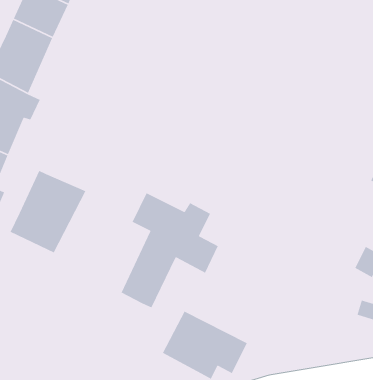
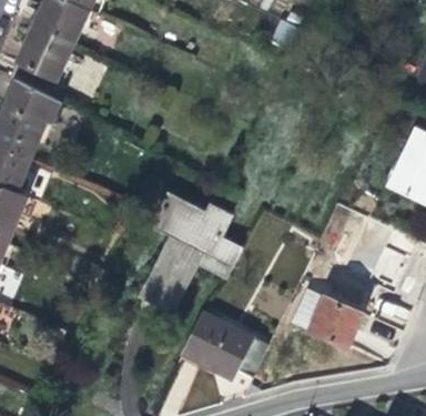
building: [9,170,86,254] -> none
building: none -> [291,288,364,349]

